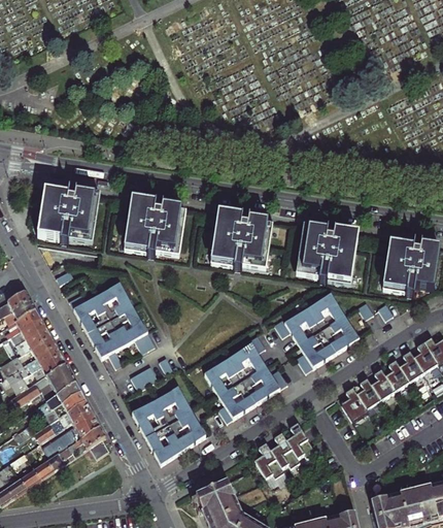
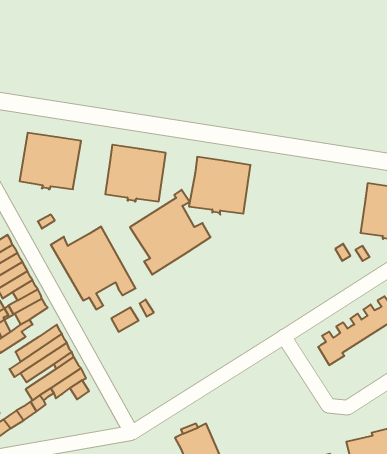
building: [298,225,360,282] -> none
building: [275,291,360,369] -> none
building: [205,333,287,420] -> [130,190,211,275]
building: [46,364,74,394] -> none
building: [131,382,206,463] -> none
building: [254,425,315,481] -> none

